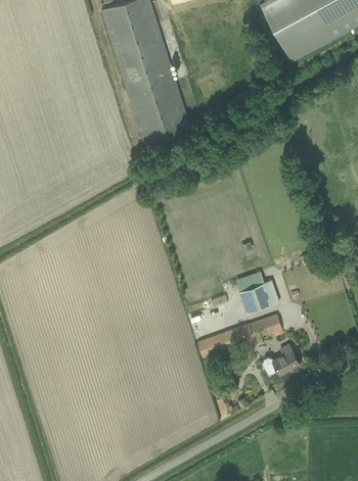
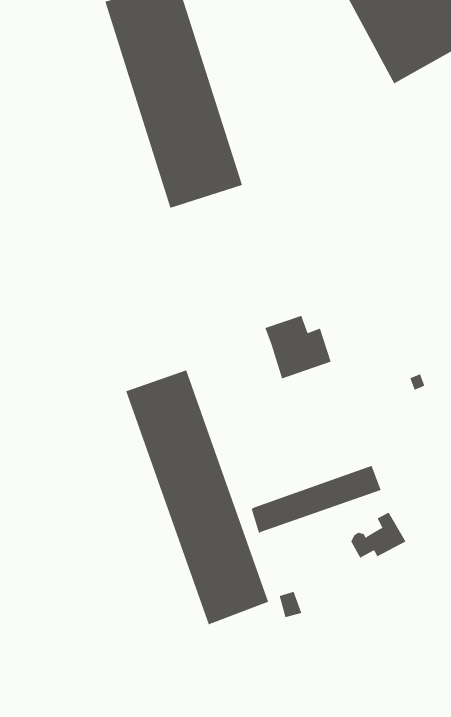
building: none -> [125,370,269,625]
building: [235,271,279,312] -> [265,315,331,379]

